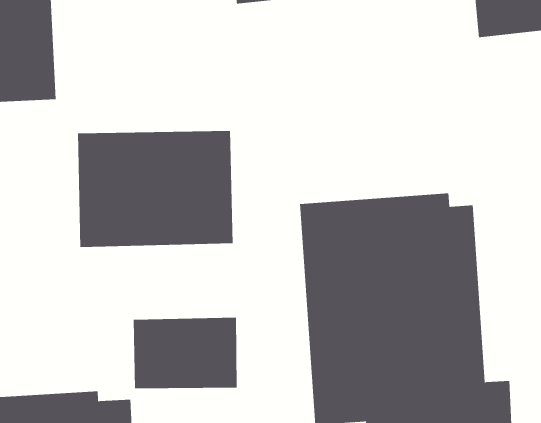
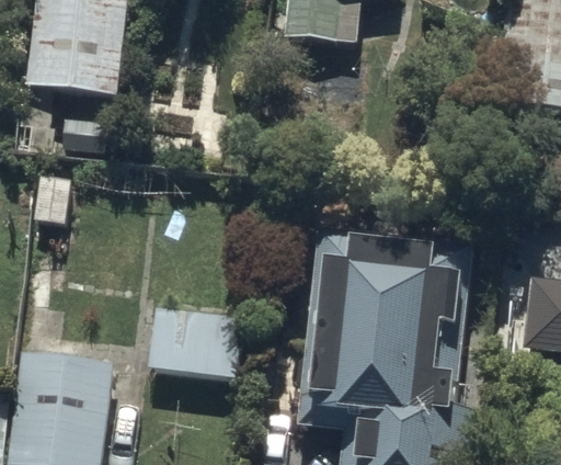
building: [77,130,233,248] -> none

